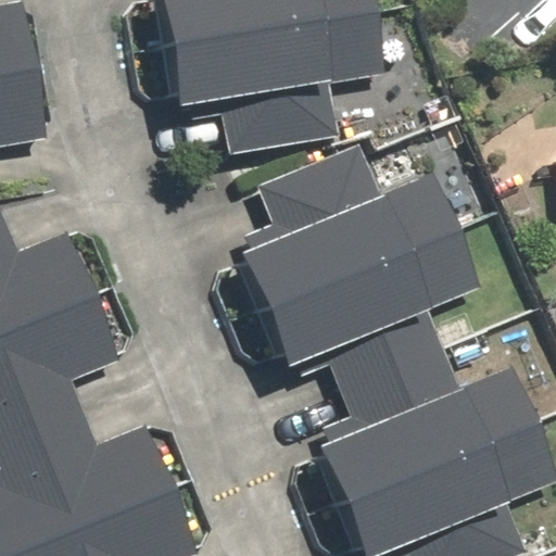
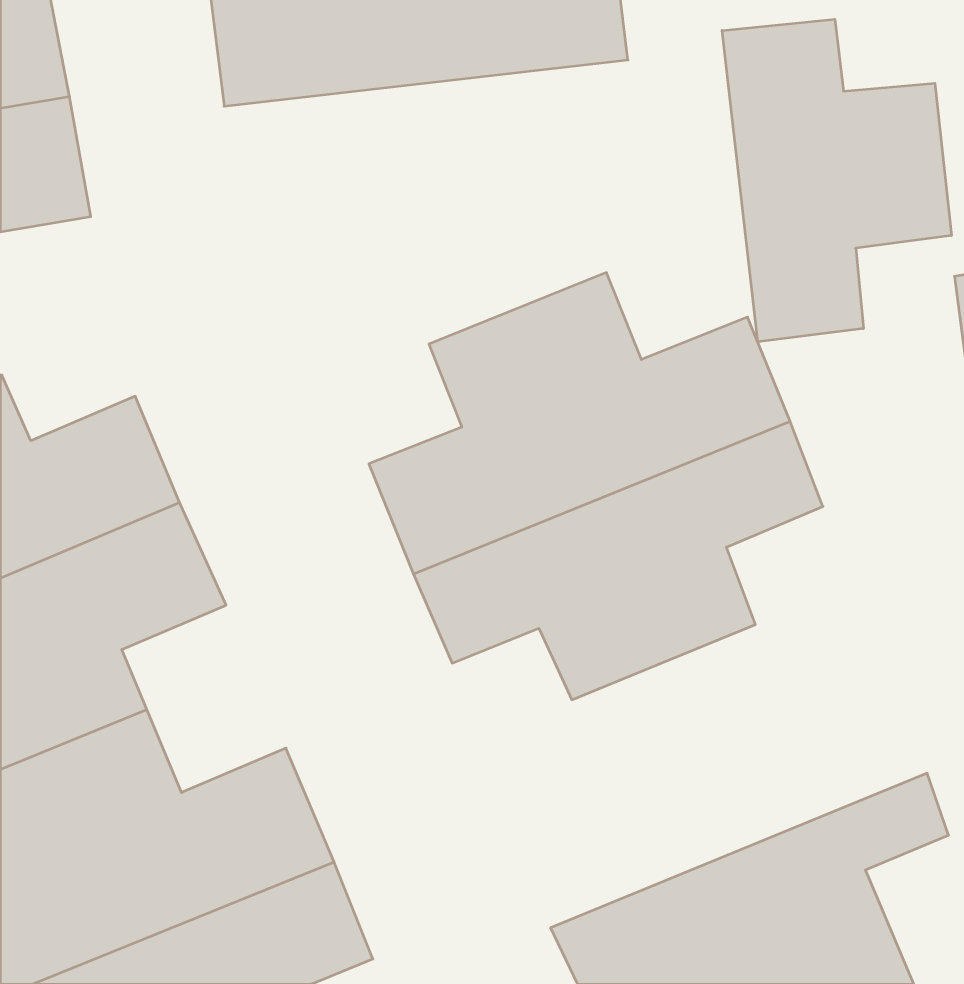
building: none -> [722,19,951,342]
building: [139,34,368,164] -> none
building: [290,351,534,521] -> none

